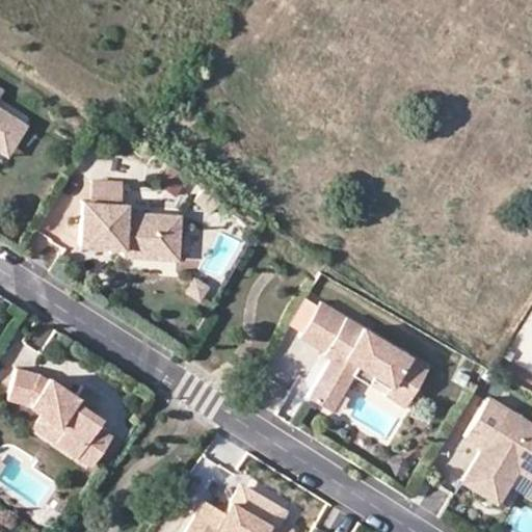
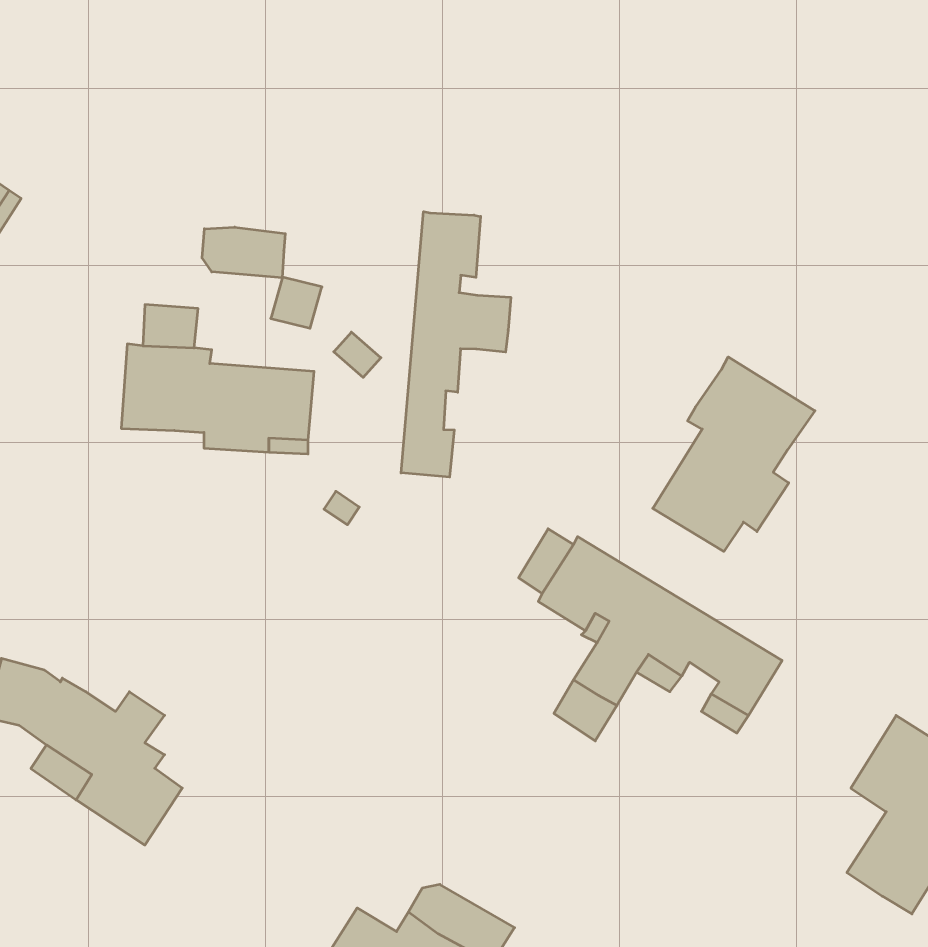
building: none -> [401,212,511,477]
building: none -> [202,227,285,278]
building: none -> [653,357,815,551]

